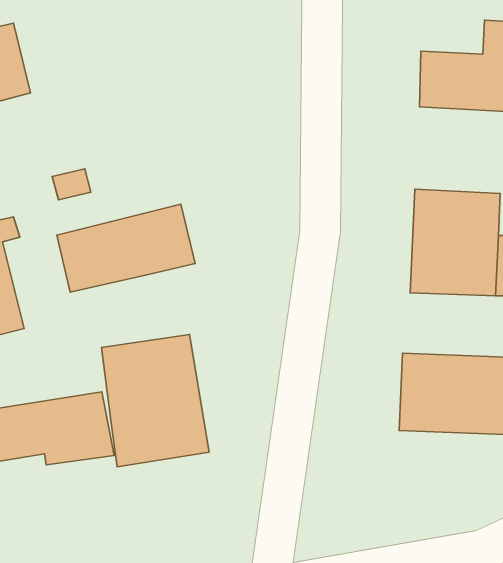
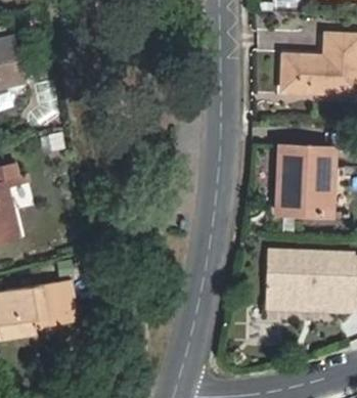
building: [57,204,195,292] -> none
building: [101,334,209,467] -> none

